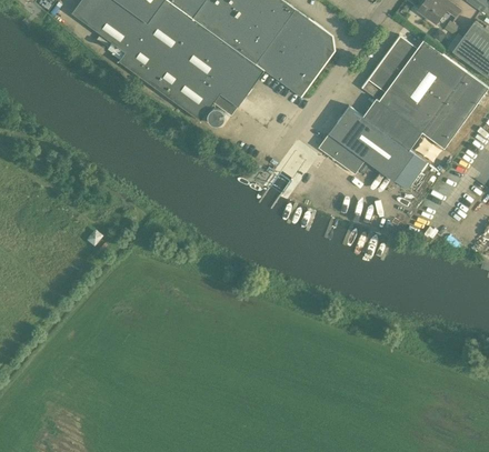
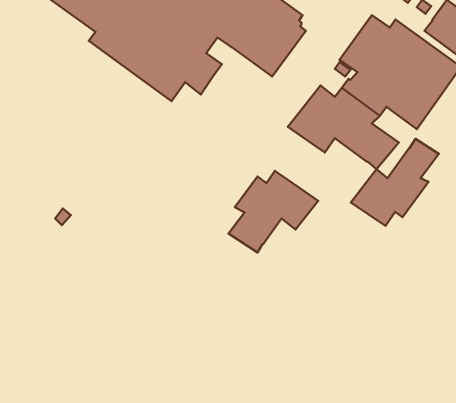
building: none -> [351,139,439,226]
building: none -> [228,171,318,253]

